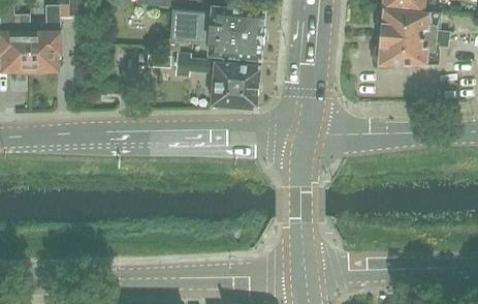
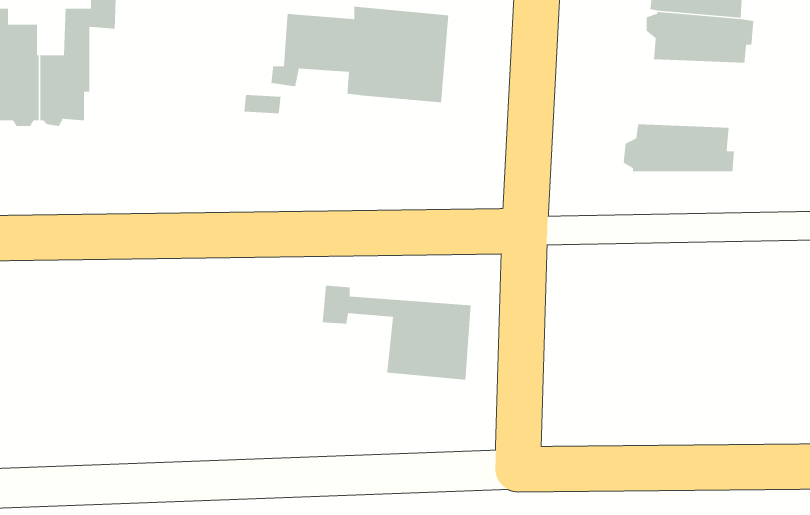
building: [373,37,437,65] -> [623,123,735,172]
building: [173,55,259,110] -> [322,285,471,380]

